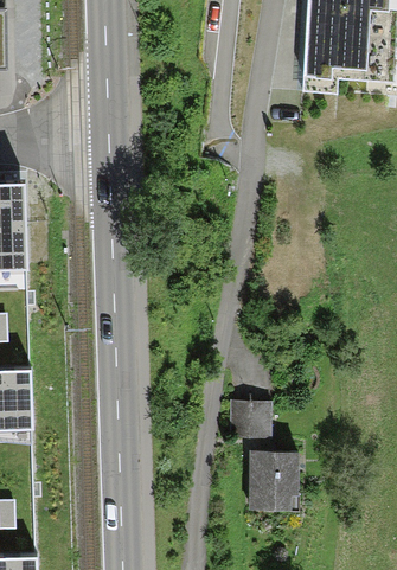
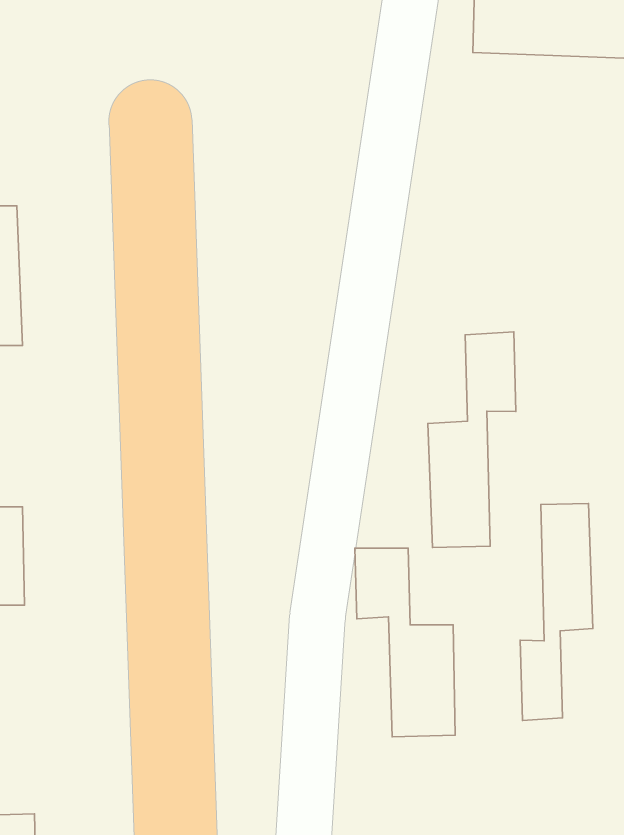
building: none -> [428,332,516,548]
building: none -> [520,504,593,721]

